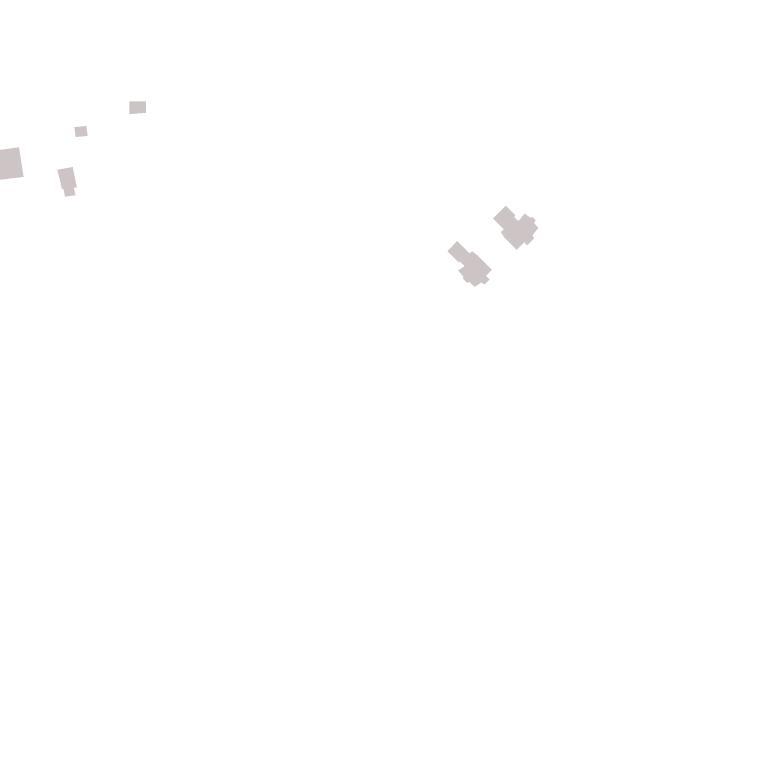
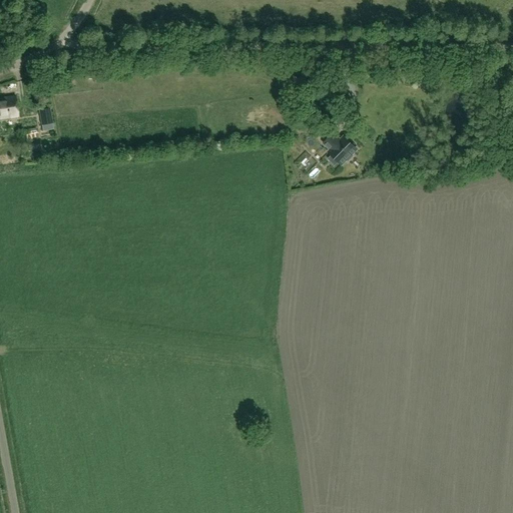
building: [446,240,493,288] -> none

